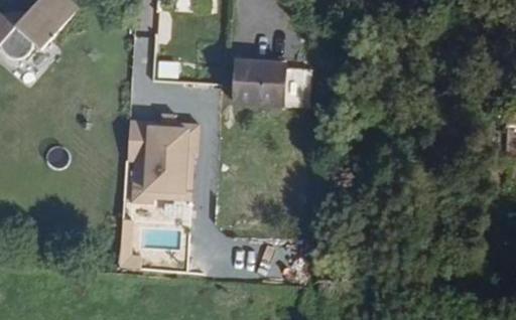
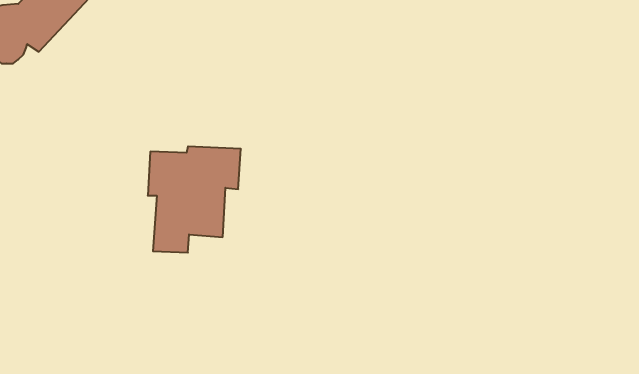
building: [234,60,287,105] -> none

